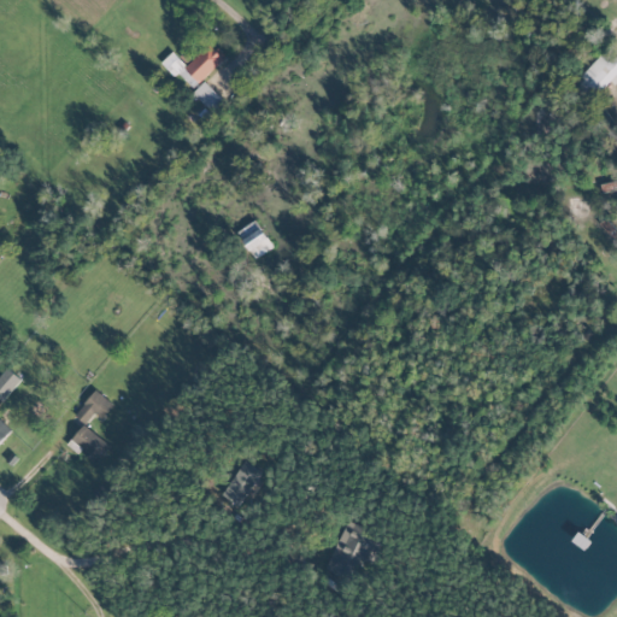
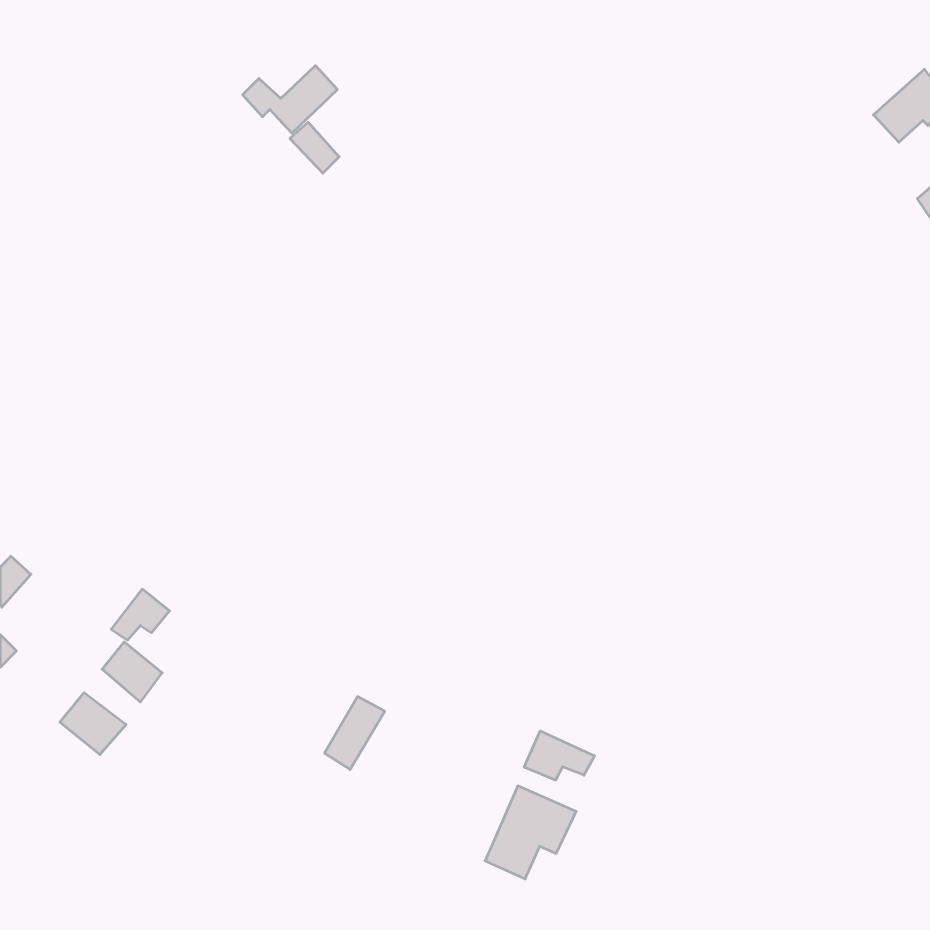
building: [237,221,274,259] -> none
building: none -> [60,693,126,755]
building: none -> [524,731,595,780]

